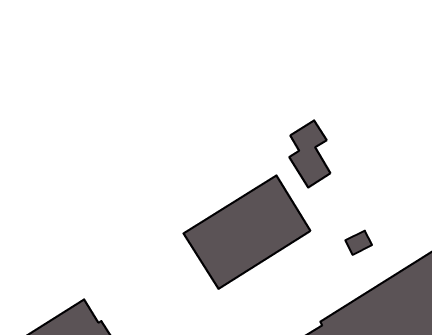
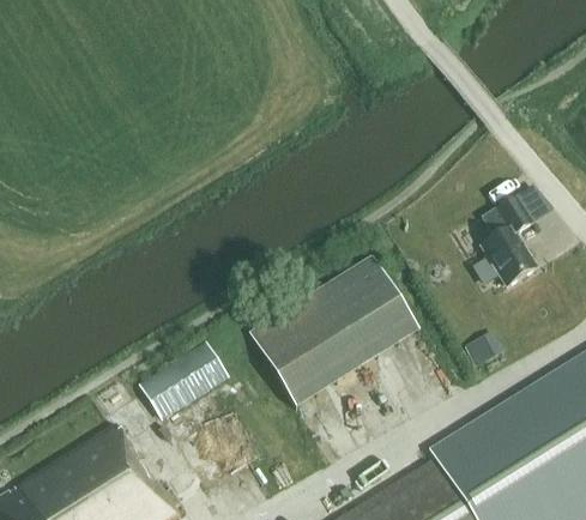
building: [289,120,330,187] -> [482,194,537,284]
building: none -> [140,340,226,416]

